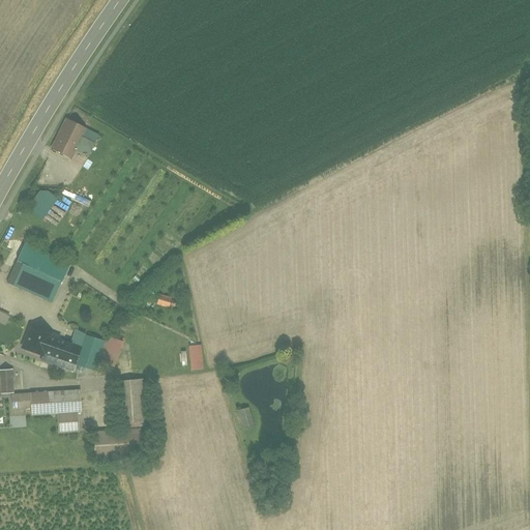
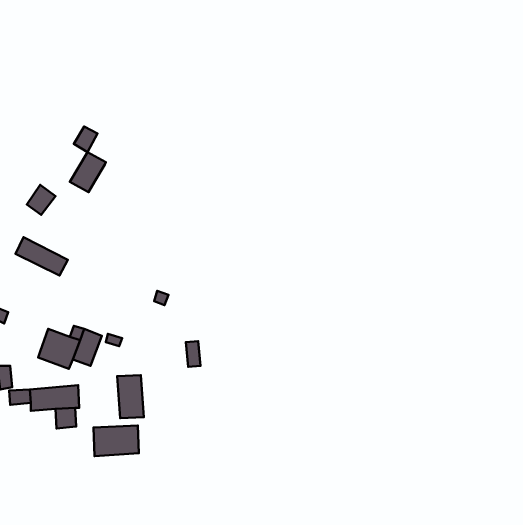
building: [50,115,86,155] -> [70,152,106,192]
building: [4,256,60,301] -> none
building: [21,324,49,354] -> none

